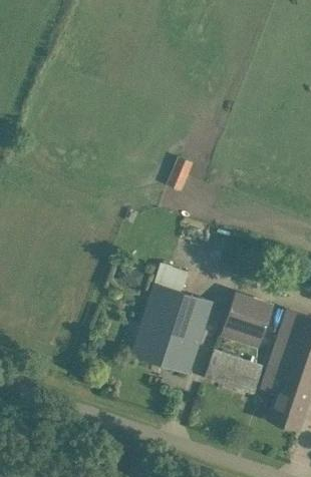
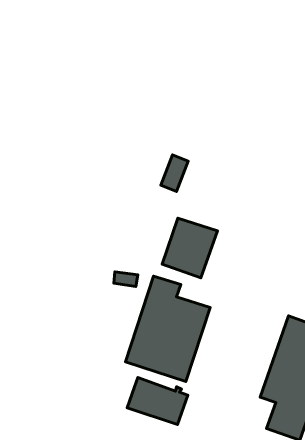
building: [221,292,274,349] -> [162,218,218,278]
building: [206,350,264,395] -> [127,378,188,425]

